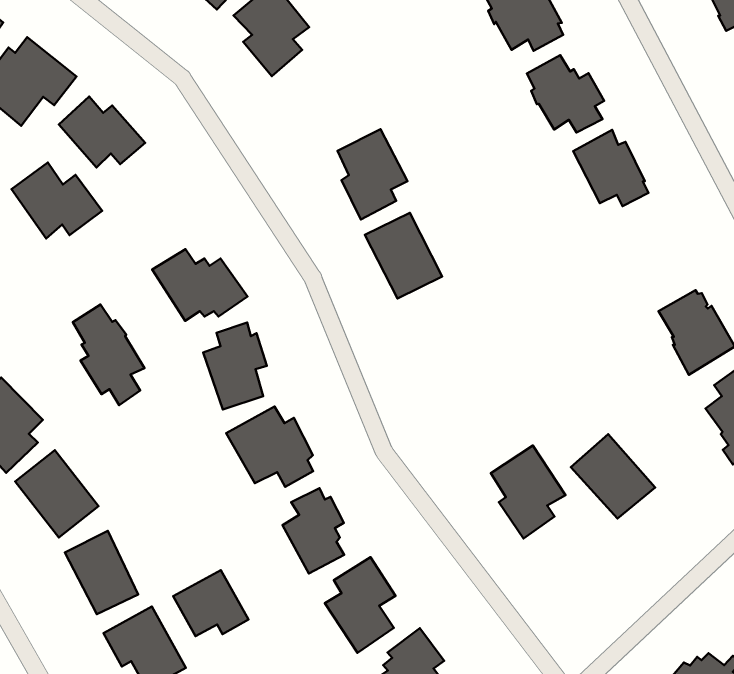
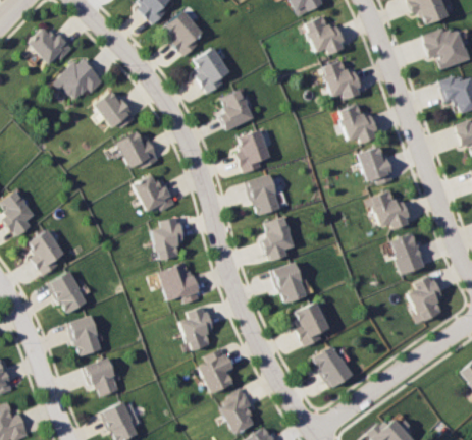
building: none -> [219,89,254,130]
building: [12,162,102,238] -> [117,131,162,170]
building: none -> [365,189,409,229]
building: none -> [261,216,295,262]
building: [73,304,144,405] -> none
building: none -> [271,261,308,304]
building: [571,434,655,519] -> [311,344,353,388]
building: [173,570,248,636] -> none

